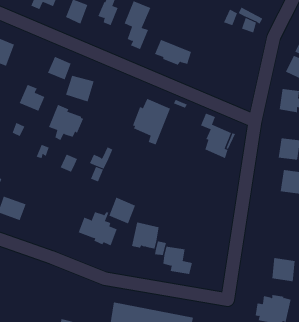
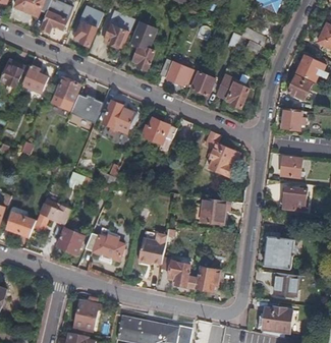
building: none -> [192,64,216,95]
building: none -> [214,78,247,112]
building: [19,84,45,112] -> [22,64,48,91]
building: [48,104,84,141] -> [103,100,137,135]
building: none -> [35,197,71,229]
building: none -> [201,197,231,224]
building: [109,197,136,224] -> [57,227,84,253]
building: none -> [263,232,293,269]
building: none -> [195,266,218,291]
building: none -> [73,293,101,330]

